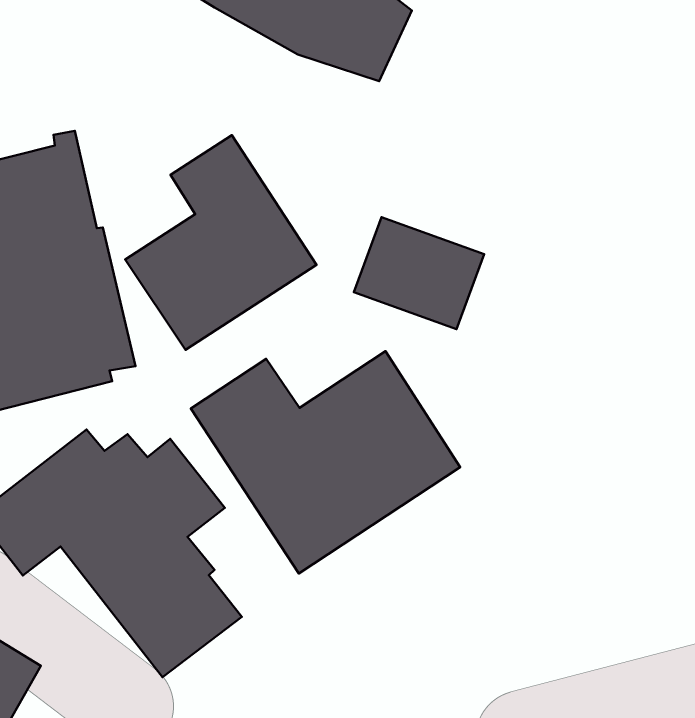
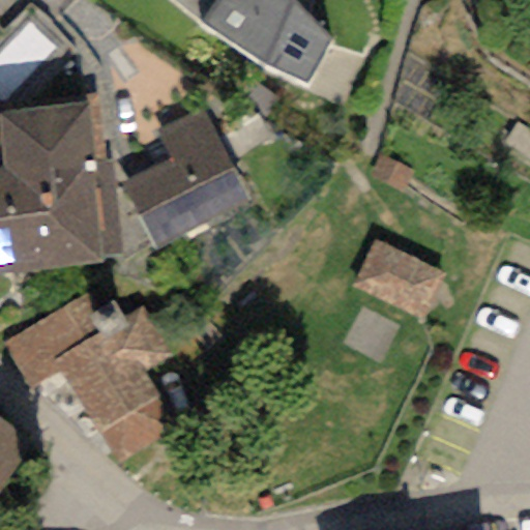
building: [354,217,484,329] -> [353,239,442,319]
building: [191,351,460,574] -> none

